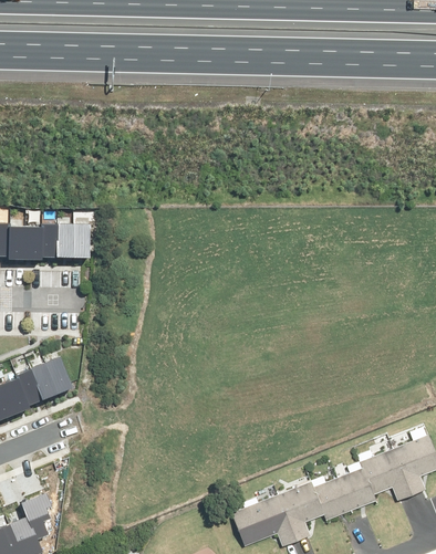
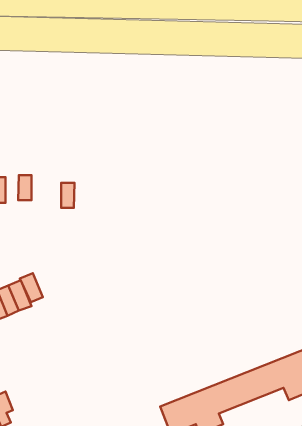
building: [42,223,59,255] -> none
building: [74,224,91,255] -> [61,183,75,208]
building: none -> [20,273,43,302]

